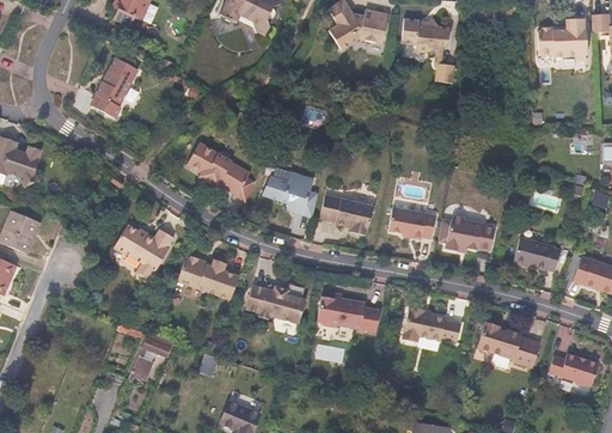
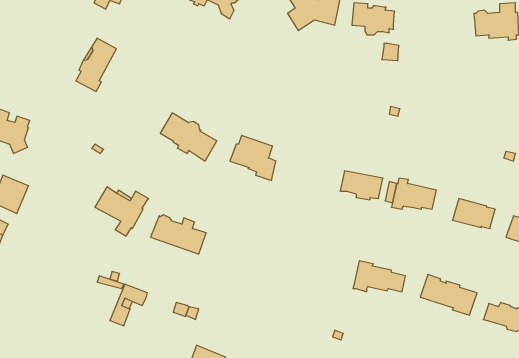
building: [319,194,373,234] -> none
building: [245,283,305,323] -> none
building: [317,295,379,331] -> none

